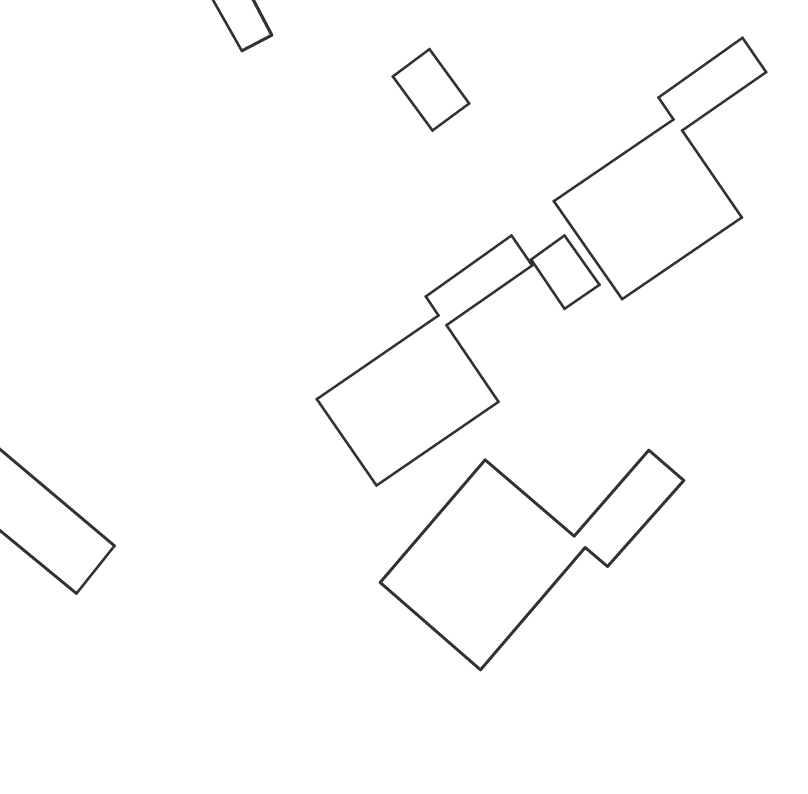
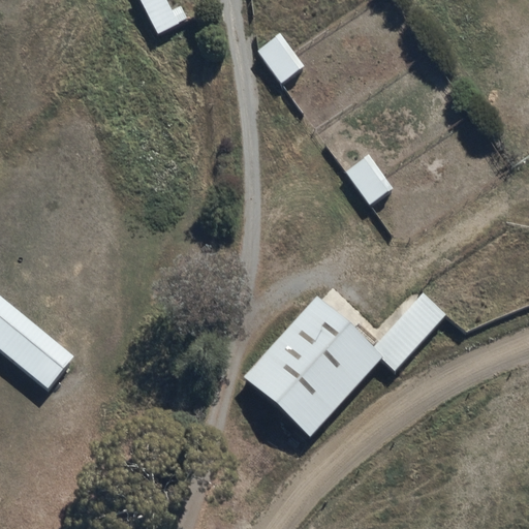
building: [554,38,766,299] -> none
building: [317,235,532,485] -> none

